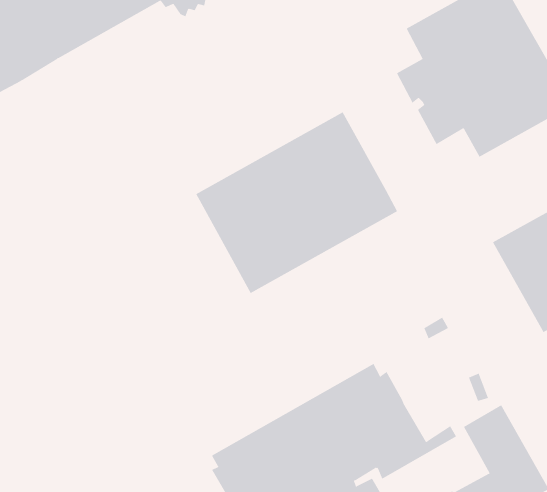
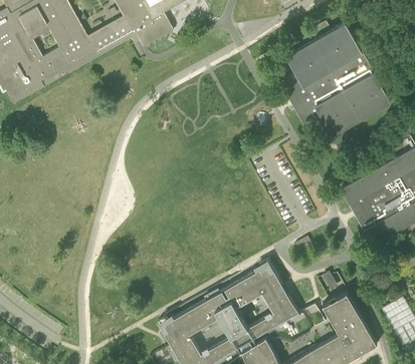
building: [195,112,398,294] -> none

